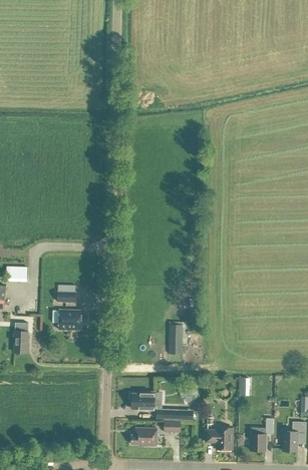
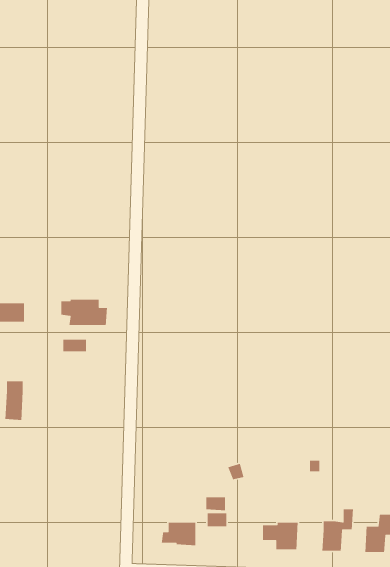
building: [52,310,87,330] -> [61,299,108,326]
building: [169,325,186,353] -> none
building: [131,392,155,411] -> none

